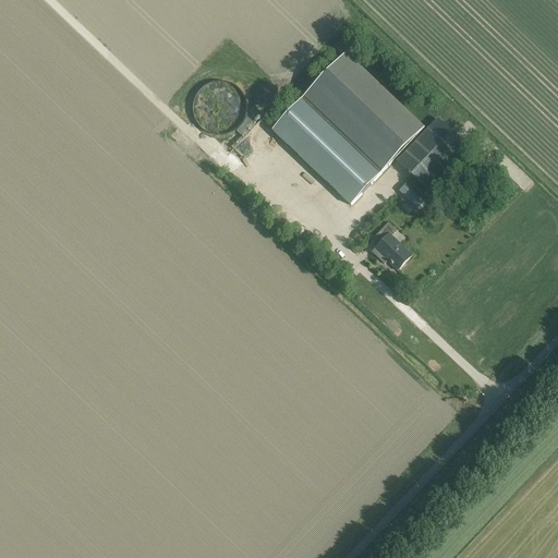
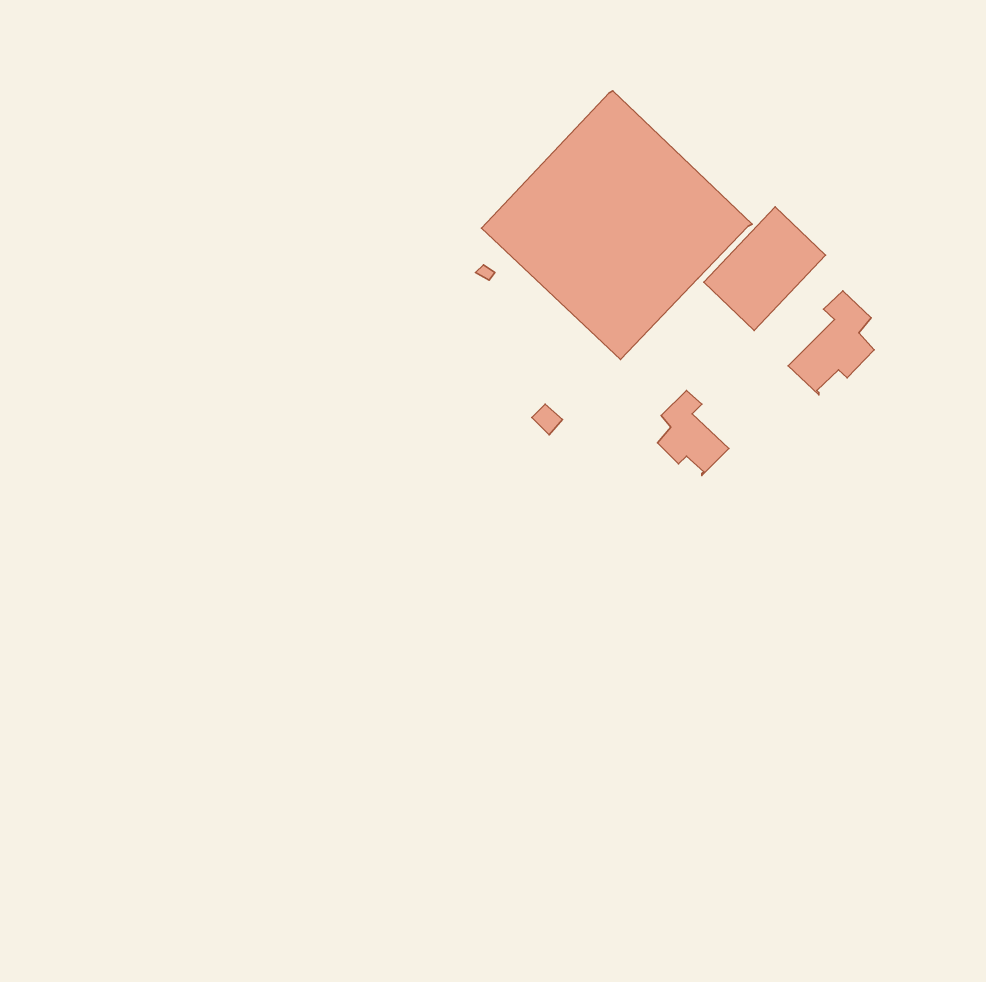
building: none -> [788,291,874,395]

